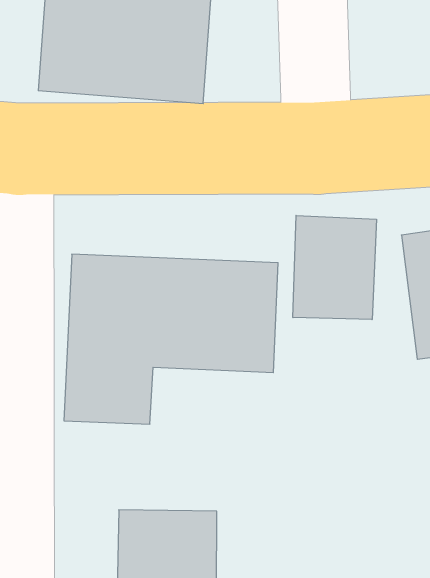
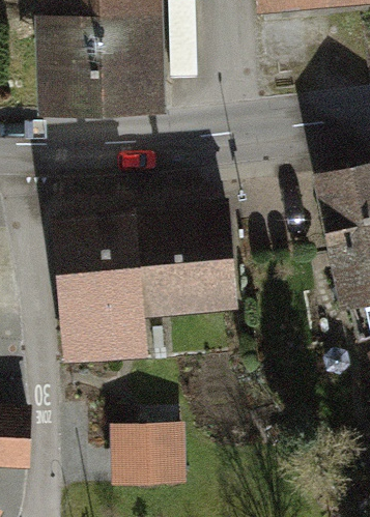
building: [293,215,376,320] -> none

